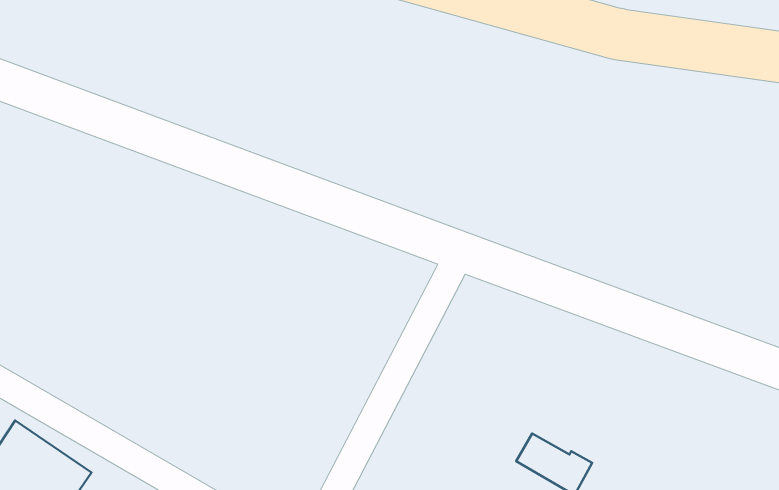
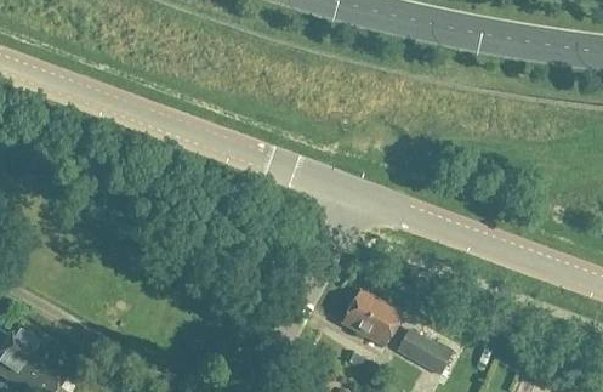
building: none -> [341,288,403,345]

